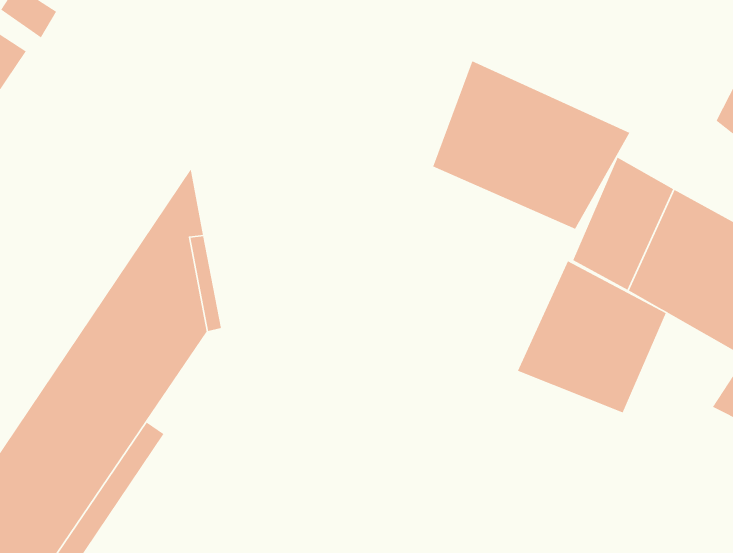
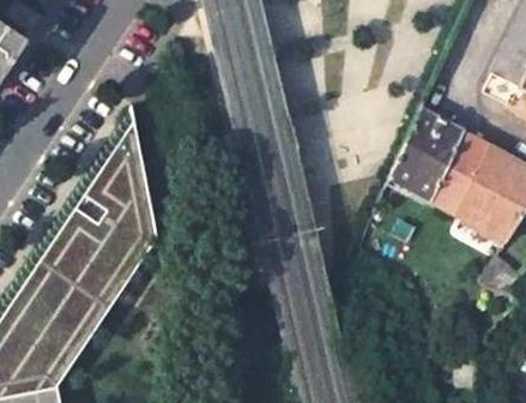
building: [432,60,631,230] -> none
building: [517,260,667,413] -> none

